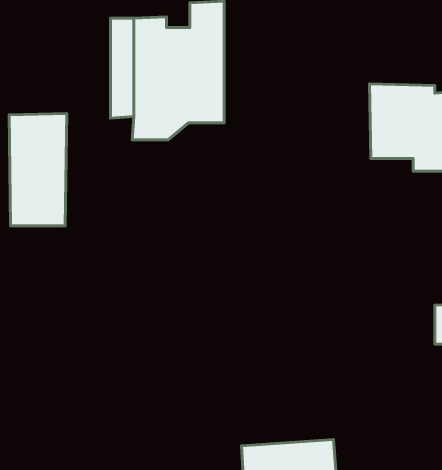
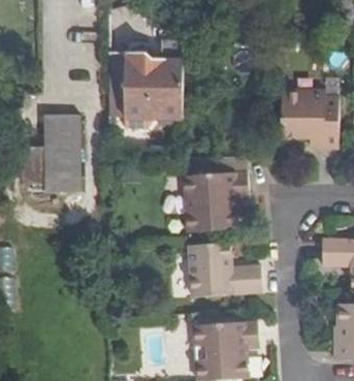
building: none -> [184,171,247,231]
building: none -> [190,242,264,299]

